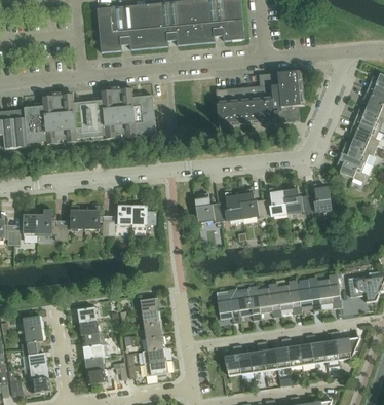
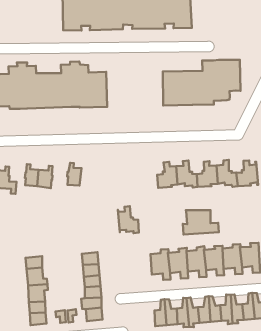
building: [194,191,220,221] -> [118,206,139,233]
building: [131,200,156,229] -> none
building: none -> [183,210,219,234]

